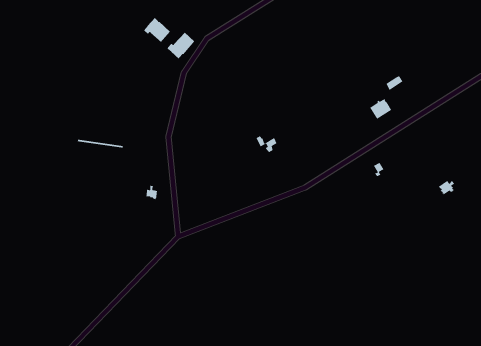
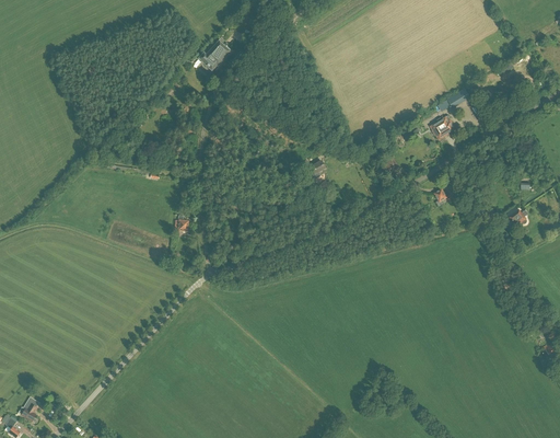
building: [143,17,171,43] -> none

